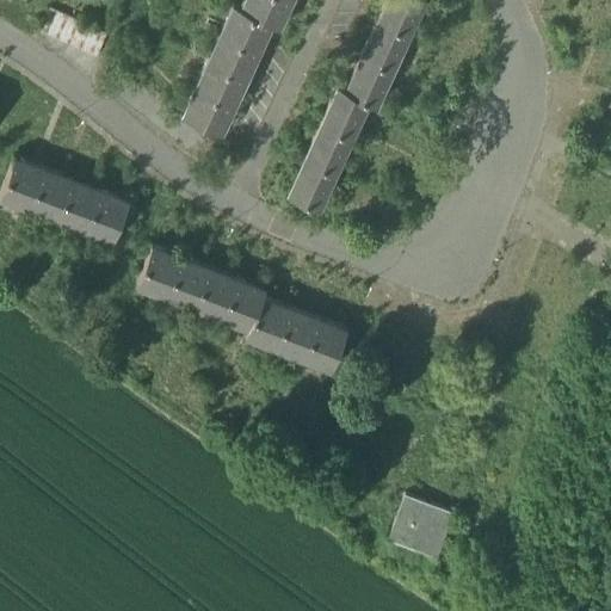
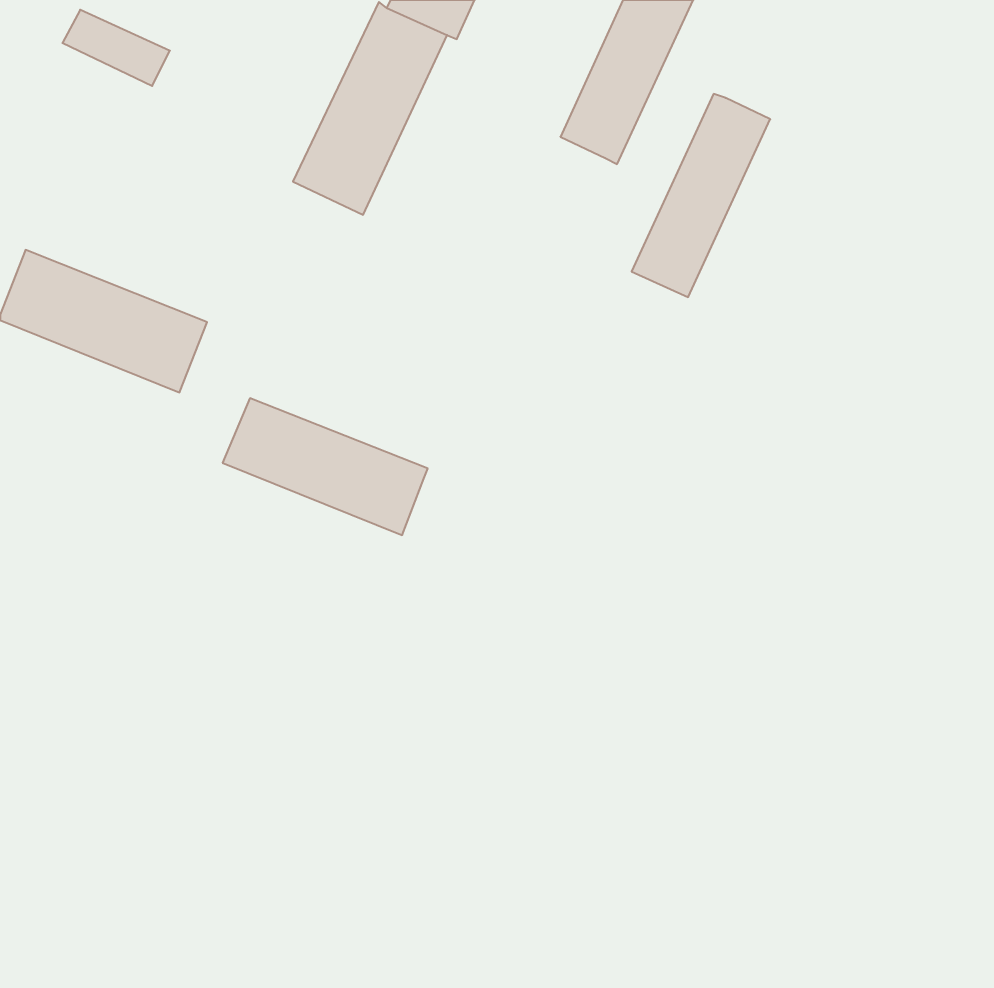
building: [288,87,372,211] -> [632,94,770,297]
building: [245,298,348,375] -> none
building: [389,498,451,556] -> none

